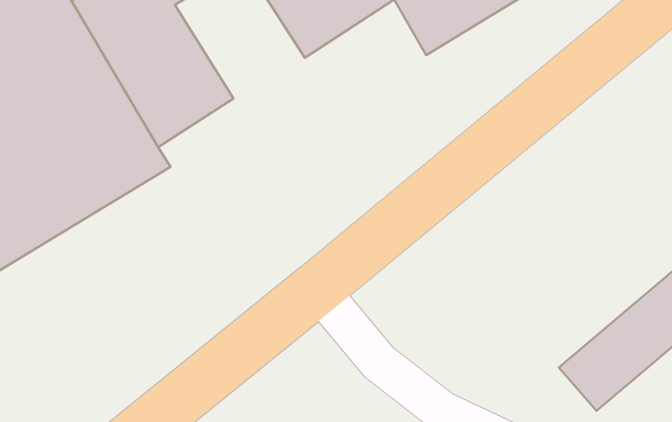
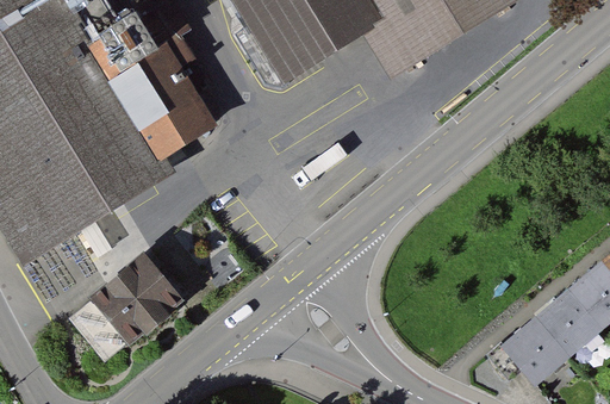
building: none -> [71,253,183,361]

